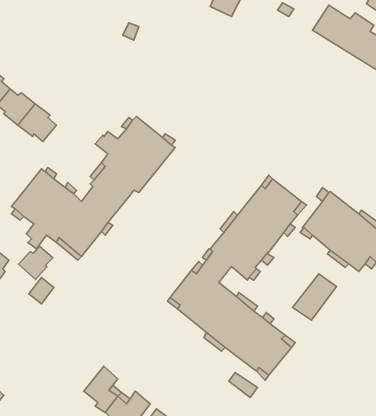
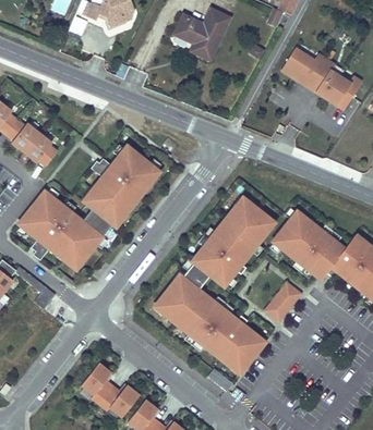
building: [19,246,53,280] -> none

